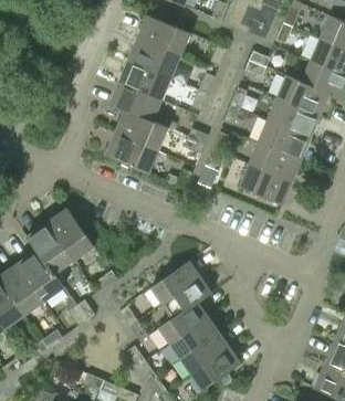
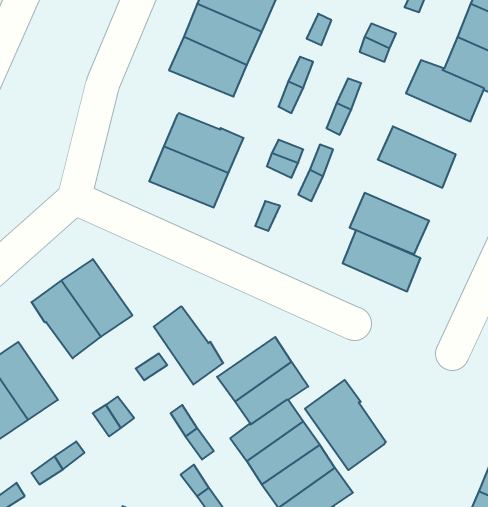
building: [108,82,161,122] -> none
building: [268,97,320,138] -> none
building: [249,141,301,182] -> [343,230,421,291]
building: [18,250,64,302] -> [154,307,223,385]
building: none -> [305,380,386,470]

